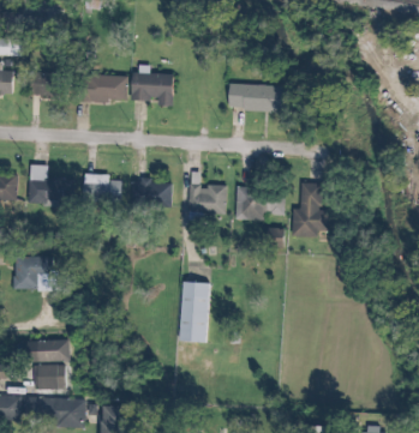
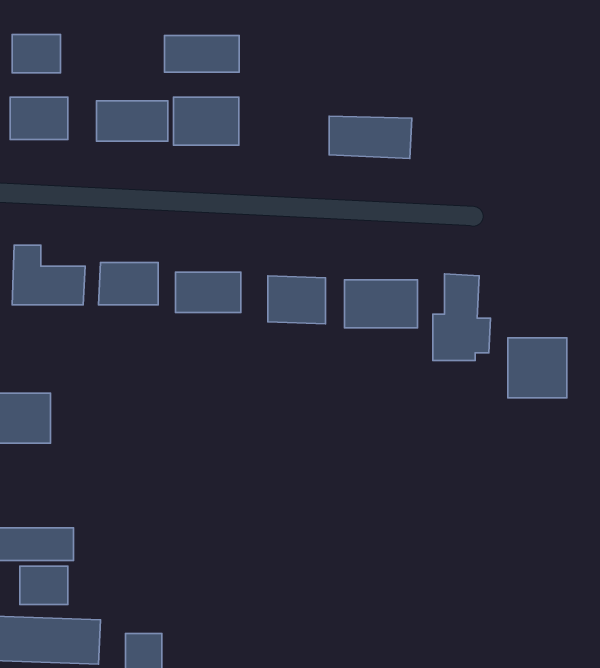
building: none -> [12,35,60,73]
building: none -> [164,35,239,72]
building: none -> [508,338,567,398]
building: [179,282,209,342] -> none

